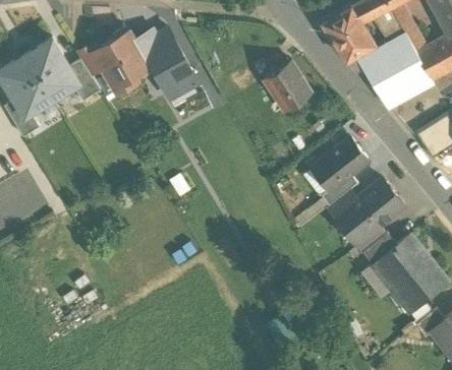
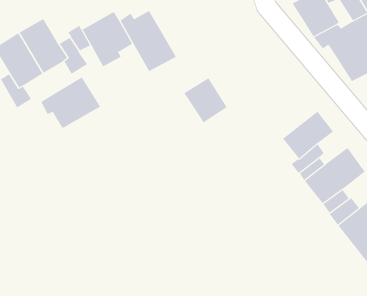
building: [264,62,312,112] -> [183,77,227,123]
building: none -> [41,77,101,129]

